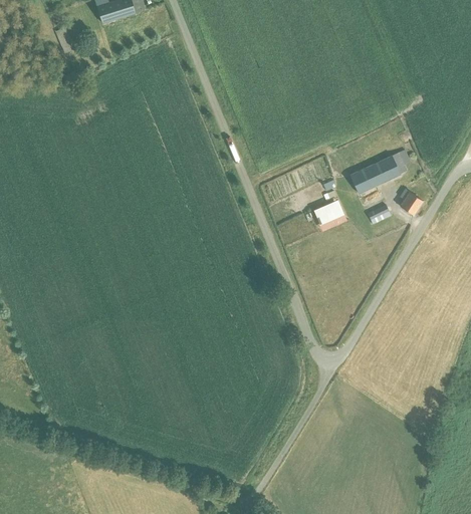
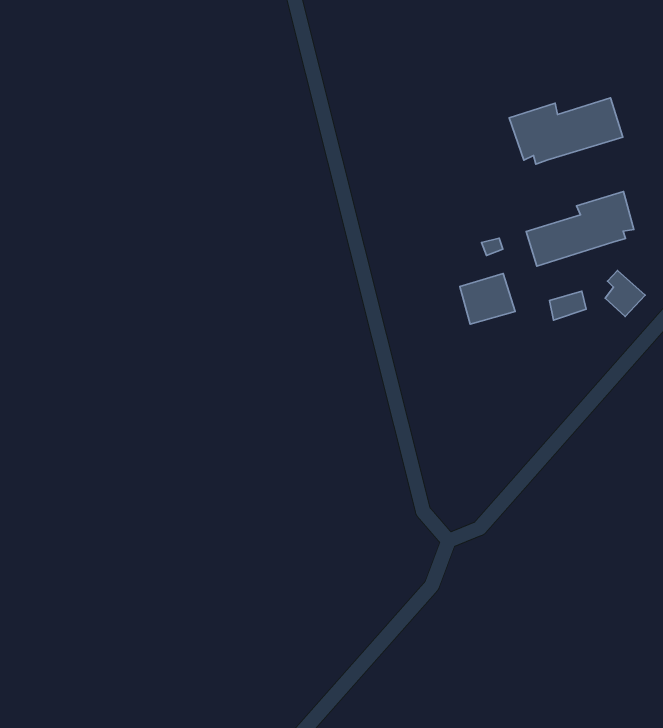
building: none -> [509,98,623,164]

